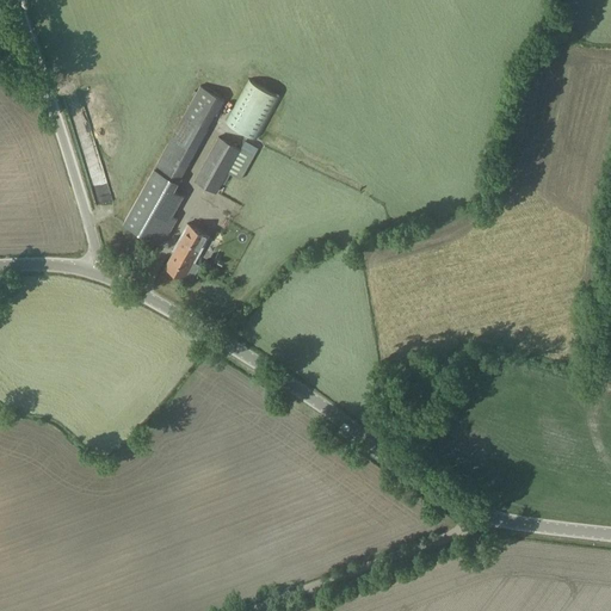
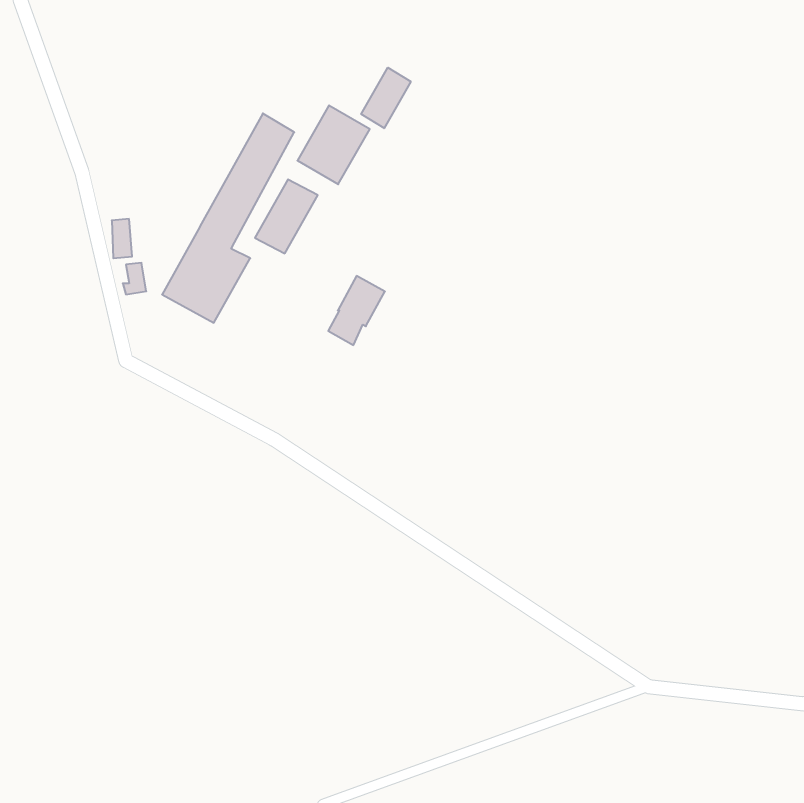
building: none -> [361,68,411,128]
building: [166,226,209,278] -> [328,276,385,345]

